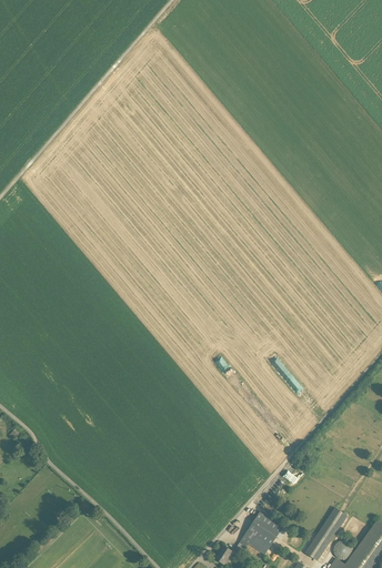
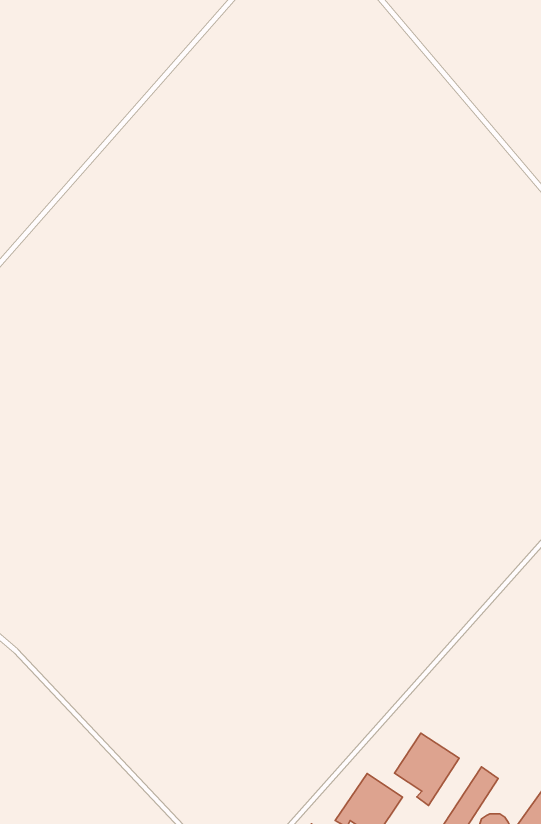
building: none -> [395,733,459,805]

